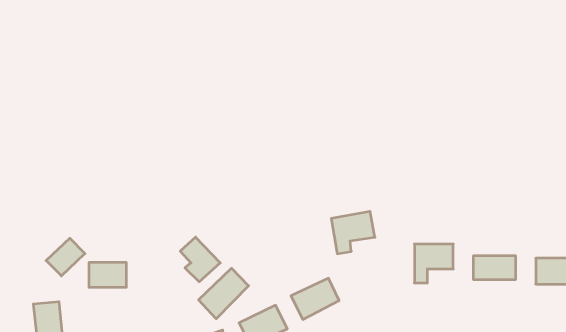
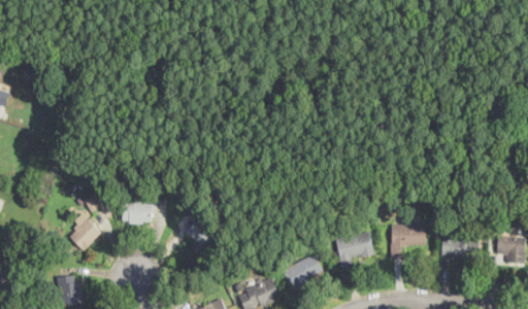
building: [331,211,375,254] -> [335,232,373,269]
building: [89,263,126,287] -> [122,201,155,222]
building: [199,268,249,319] -> none

